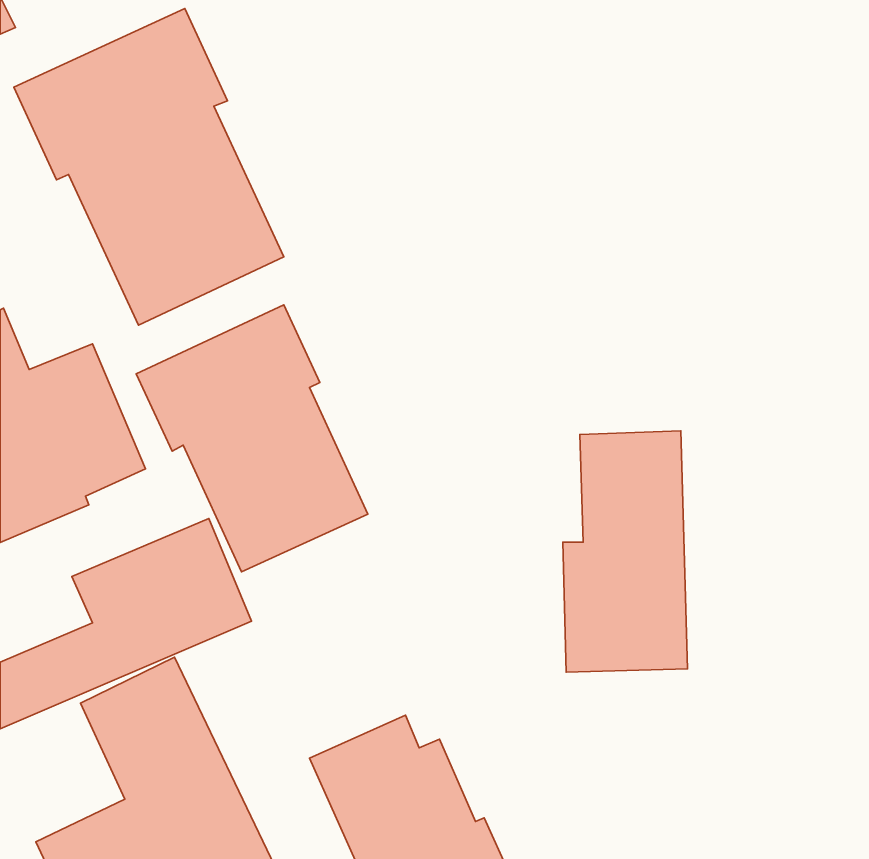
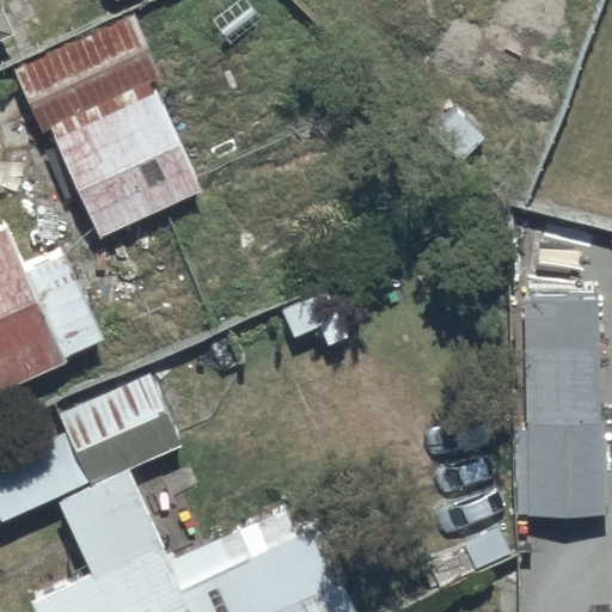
building: [136,305,368,572] -> none
building: [563,431,688,672] -> [513,349,600,518]

